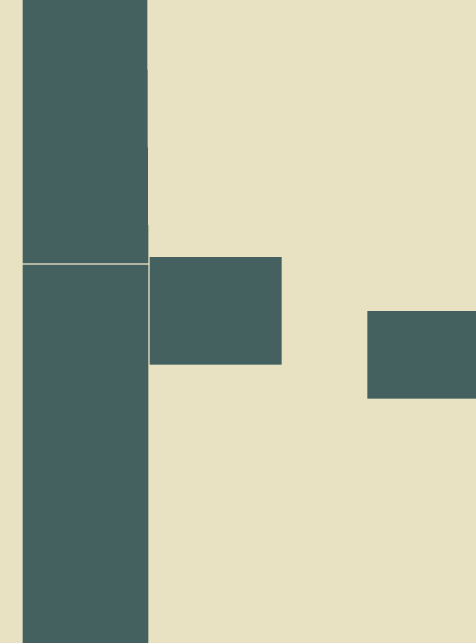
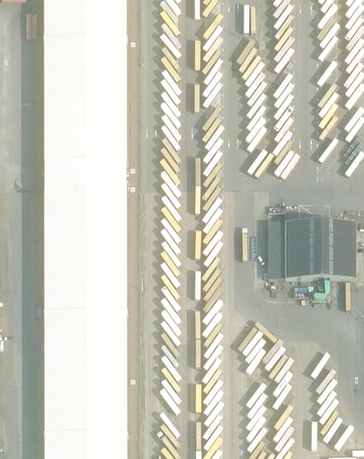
building: [149,256,282,365] -> none

